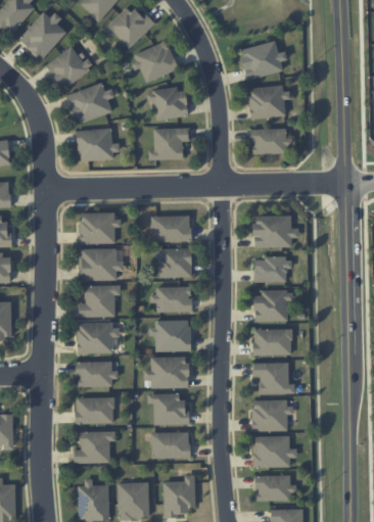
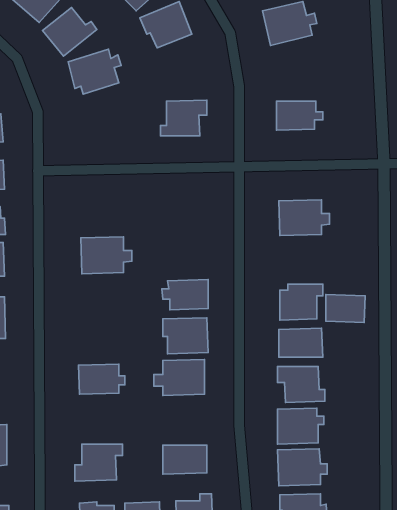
building: [146,86,189,121] -> none
building: [248,86,287,118] -> none
building: [76,128,118,161] -> none
building: [80,211,118,244] -> none
building: [151,215,191,242] -> none
building: [156,248,192,278] -> none
building: [254,257,289,282] -> [326,295,365,322]
building: [79,285,121,318] -> none
building: [78,323,120,353] -> none
building: [147,393,190,425] -> none
building: [76,397,114,423] -> none

